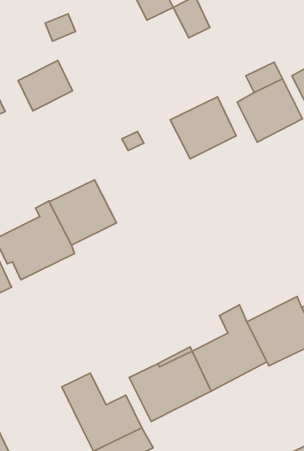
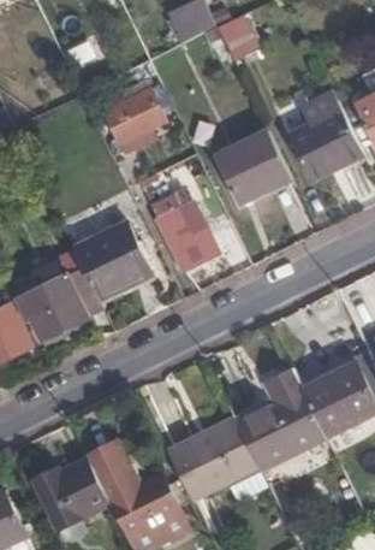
building: [18,60,73,111] -> [102,87,165,144]
building: none -> [149,200,216,271]
building: none -> [31,457,108,530]

